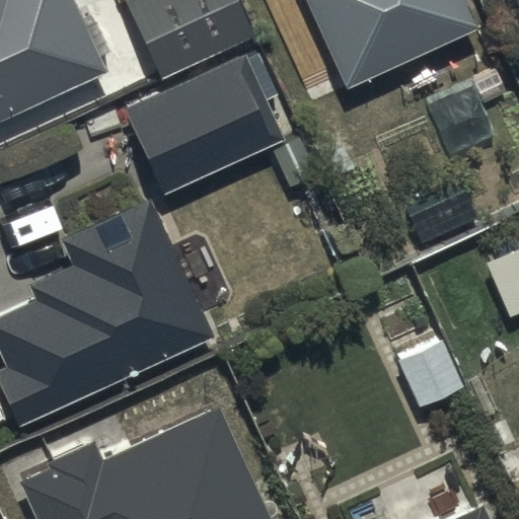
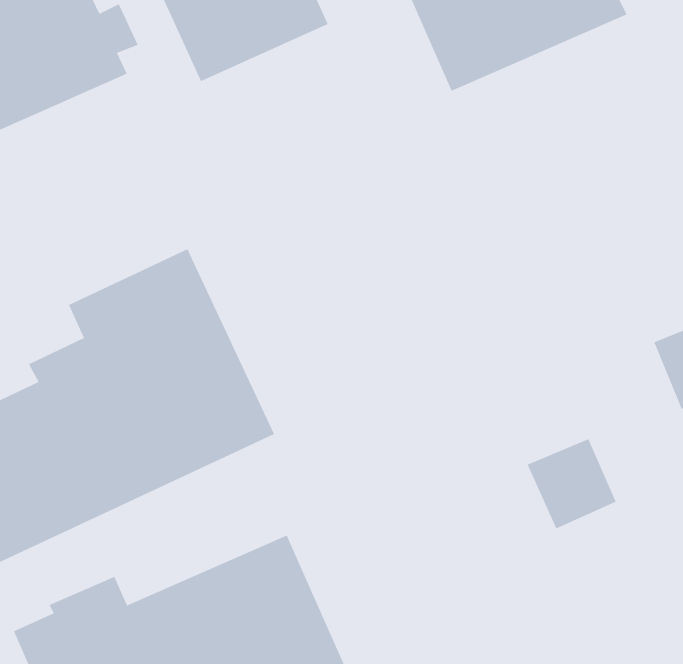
building: [125,53,283,192] -> none

